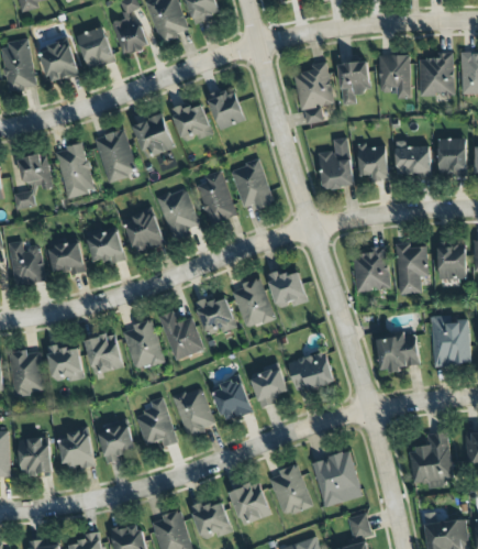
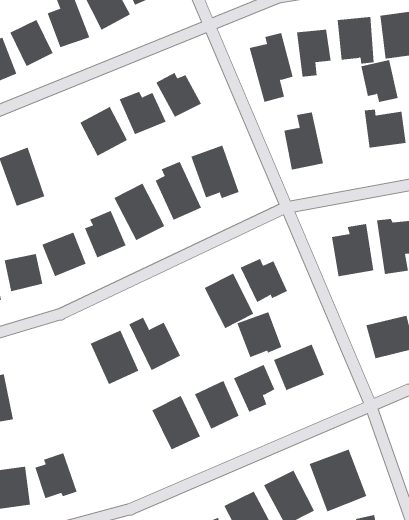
building: [93,129,136,183] -> none
building: [357,143,389,182] -> [361,60,398,103]
building: [196,294,235,334] -> [237,312,282,358]
building: [85,332,123,375] -> none
building: [46,342,84,381] -> none
building: [135,396,177,447] -> none
building: [99,425,134,463] -> none

